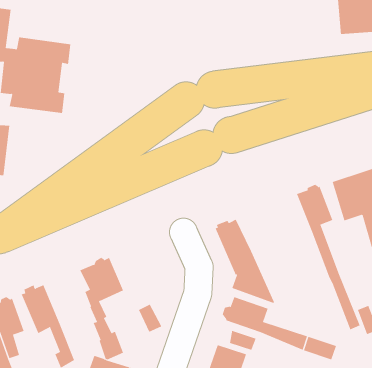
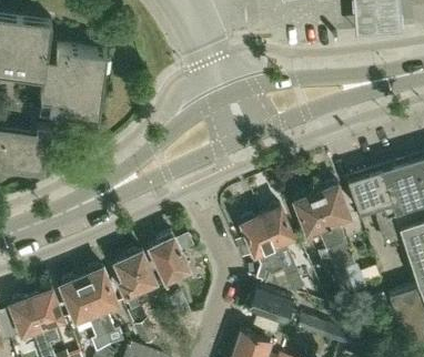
building: none -> [293,192,349,279]
building: none -> [260,205,304,292]
building: none -> [149,233,190,280]
building: none -> [81,266,124,346]

